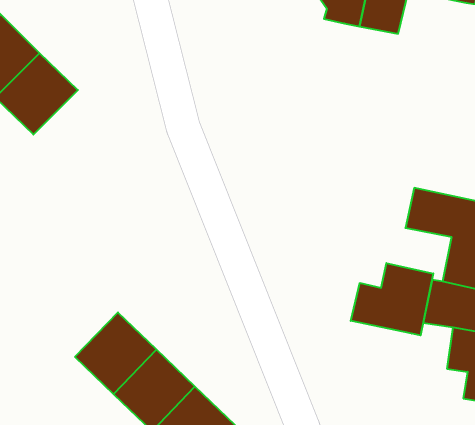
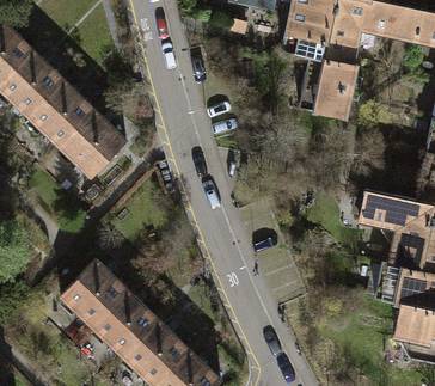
building: none -> [300,57,357,118]
building: none -> [60,111,127,178]
building: [351,263,433,335] -> none
building: none -> [62,259,128,326]

